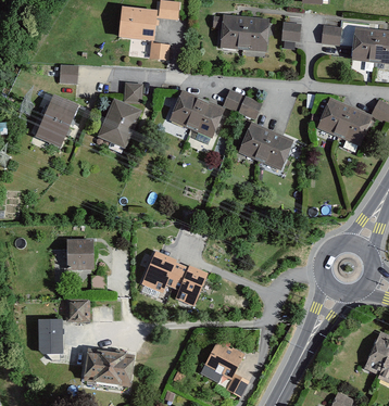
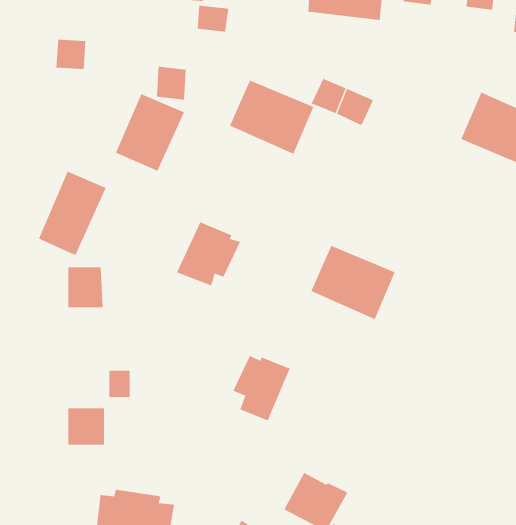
building: [35,92,78,147] -> [38,171,106,256]
building: [239,122,293,169] -> [310,245,396,320]
building: [71,243,93,269] -> [68,267,103,308]
building: [141,252,183,293] -> [176,222,241,286]
building: [38,320,63,355] -> none

